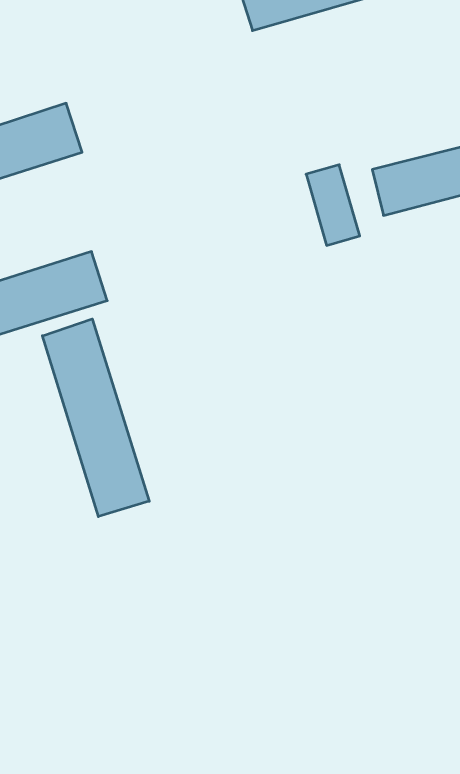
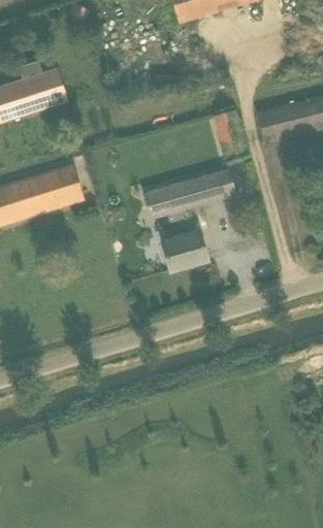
building: none -> [143,168,236,270]
building: [42,319,149,517] -> none

